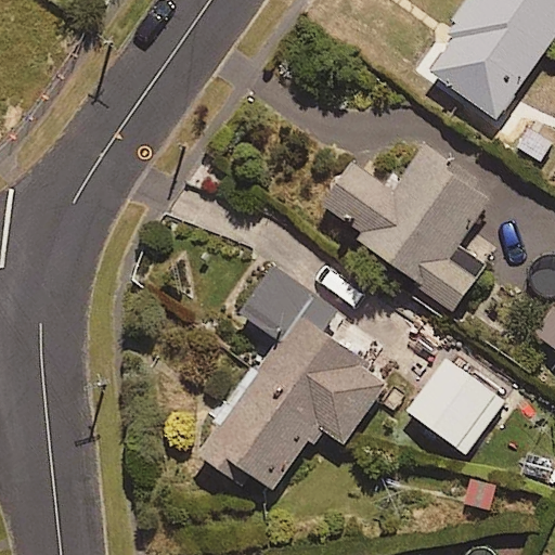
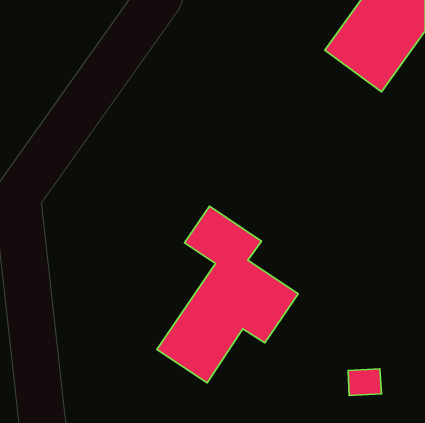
building: [325,150,491,311] -> none
building: [406,359,503,453] -> none

